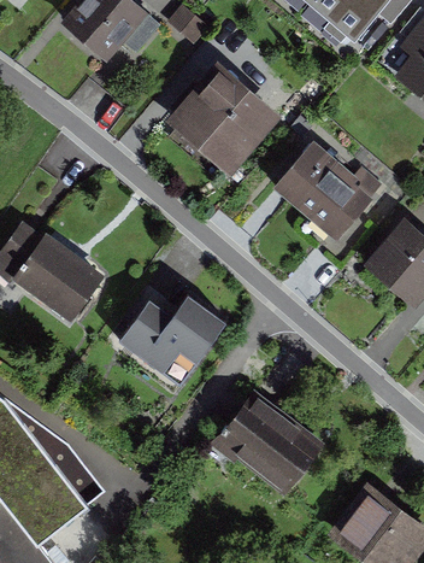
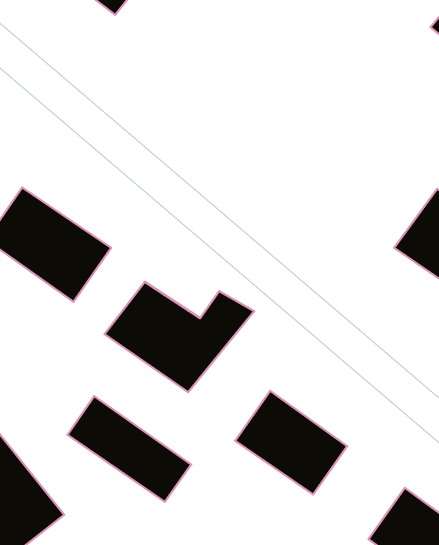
building: [166,65,275,172] -> none
building: [279,134,379,233] -> none
building: none -> [67,396,191,502]

